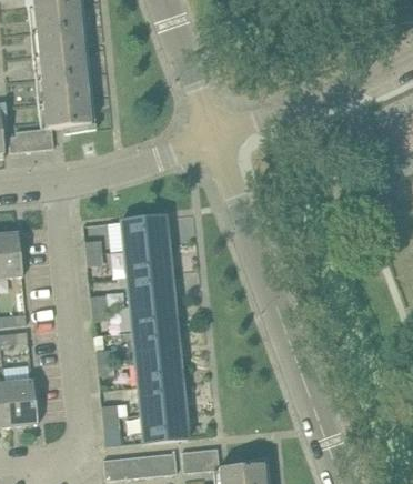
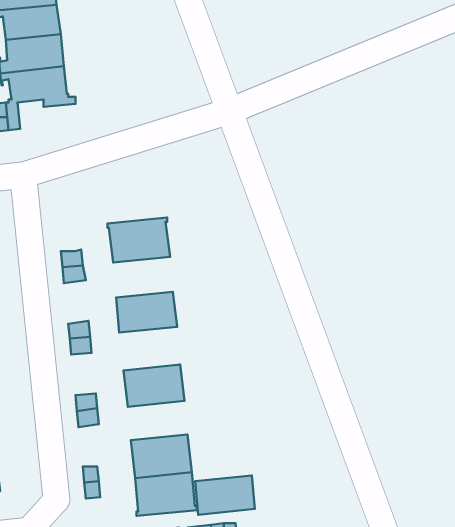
building: [125,244,171,275] -> none
building: [130,298,177,331] -> none
building: [137,354,182,384] -> [195,475,255,515]

